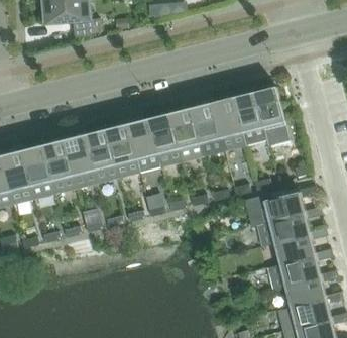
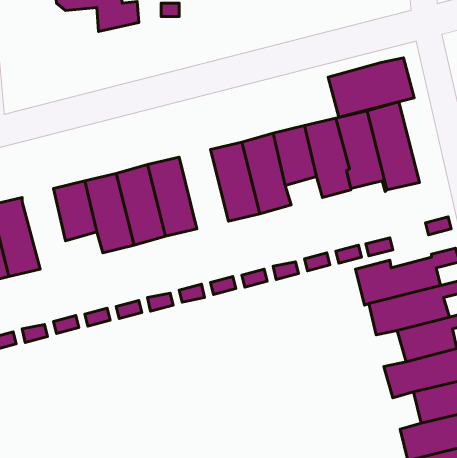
building: none -> [328,58,414,117]
building: [127,118,160,172] -> none
building: [21,144,54,199] -> none

